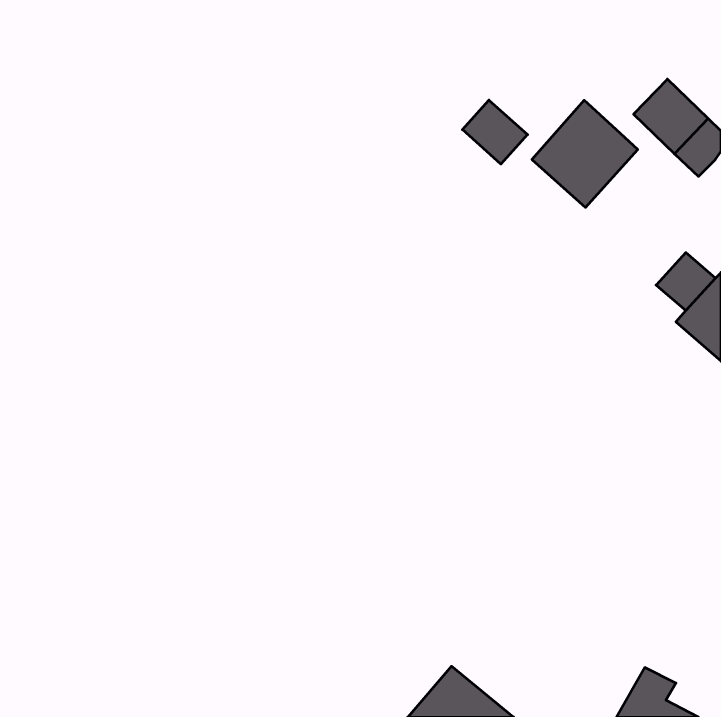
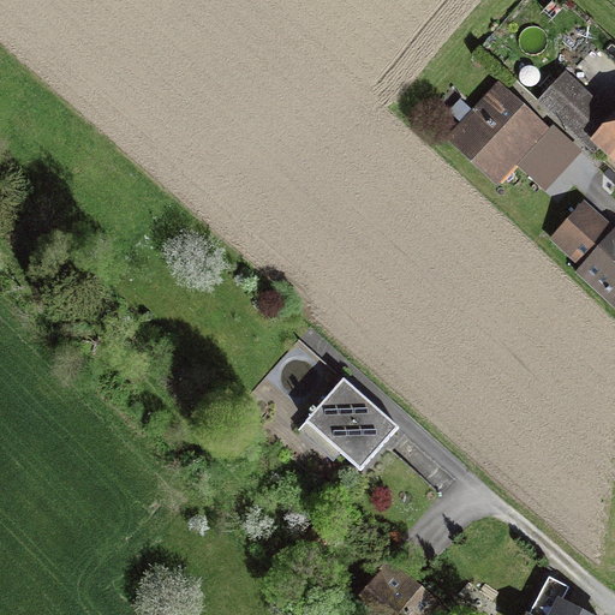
building: [462,100,528,164] -> none
building: none -> [518,121,581,186]
building: none -> [300,377,405,480]

